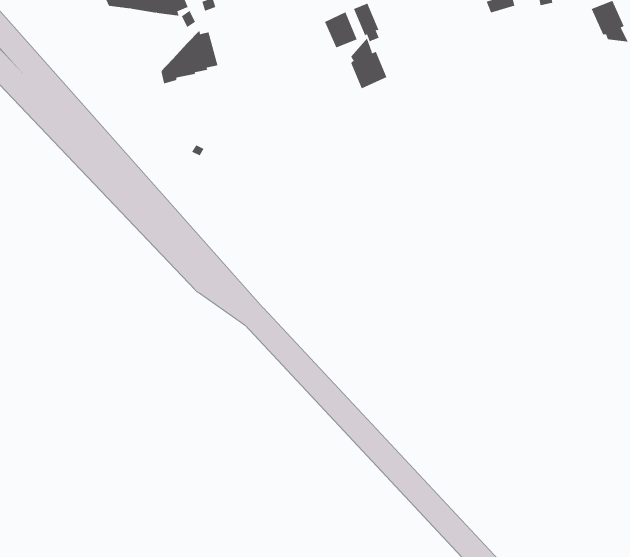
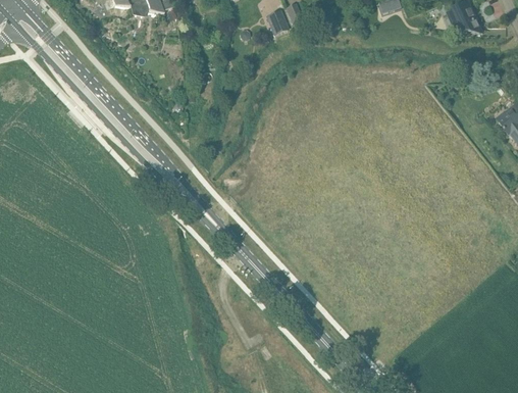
building: [160,30,218,84] -> none
building: [350,37,387,89] -> none

